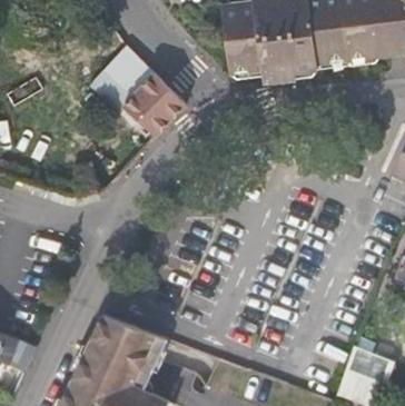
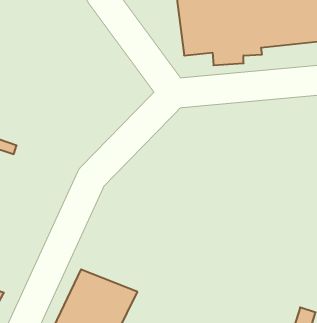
building: [98,49,184,136] -> none

